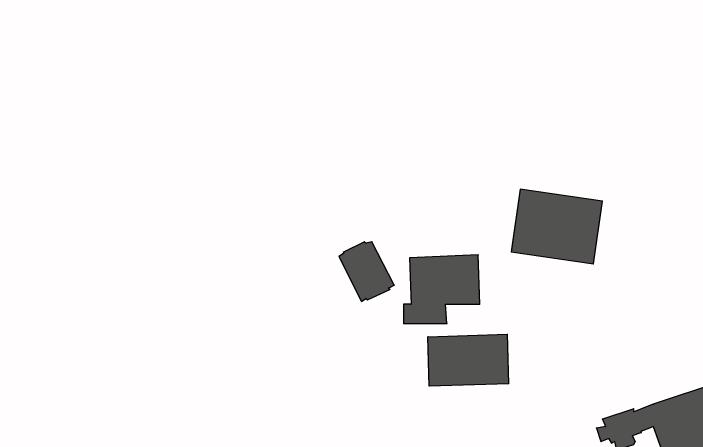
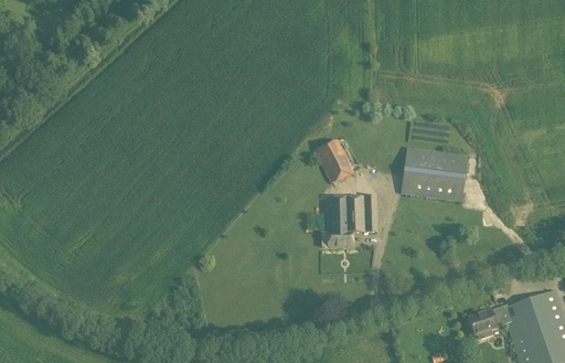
building: [339,242,394,301] -> [313,138,354,182]
building: [428,334,509,386] -> none

